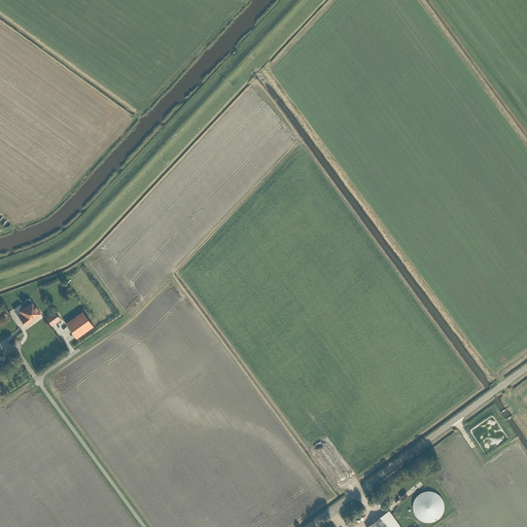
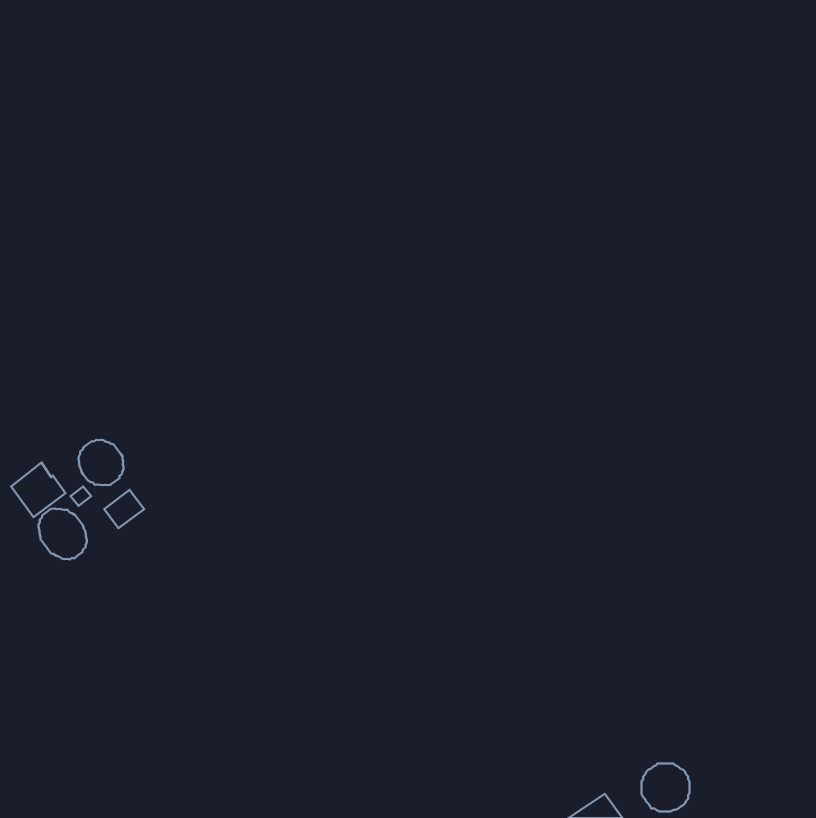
building: none -> [79,440,124,485]
building: none -> [38,508,87,559]

